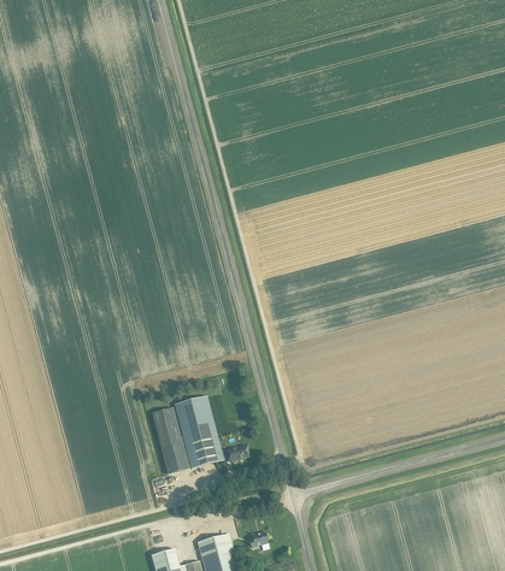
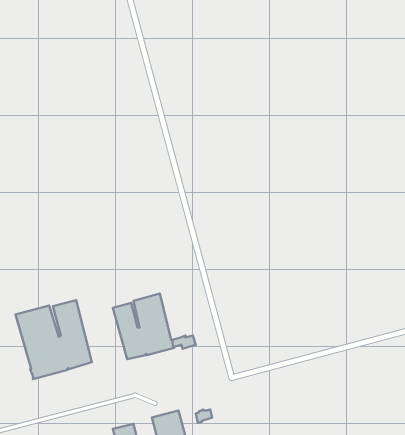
building: none -> [15,300,92,379]

